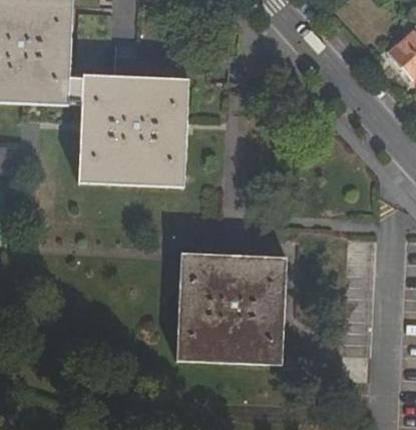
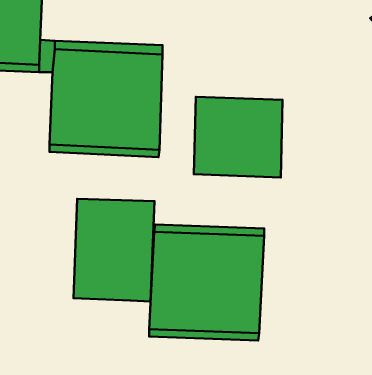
building: none -> [194,97,283,178]
building: none -> [73,199,154,302]

